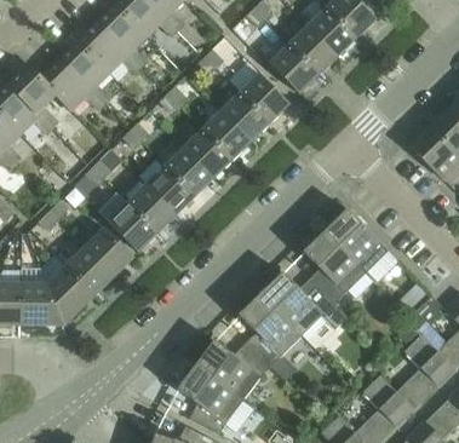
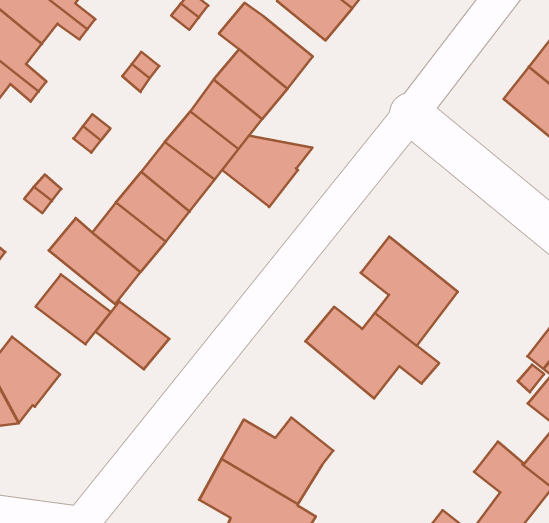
building: none -> [222,135,312,207]
building: [325,208,388,271] -> none
building: [65,247,114,294] -> [96,301,169,369]
building: [239,292,302,367] -> none

